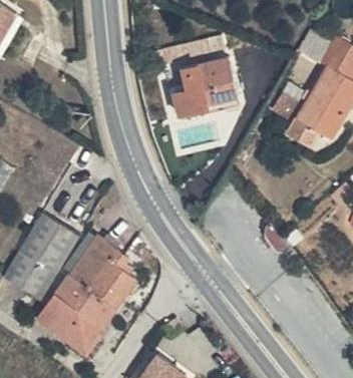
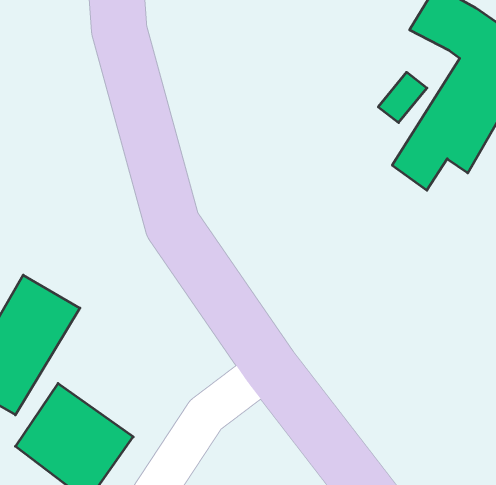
building: [165,61,231,120] -> none
building: [67,229,140,311] -> none

